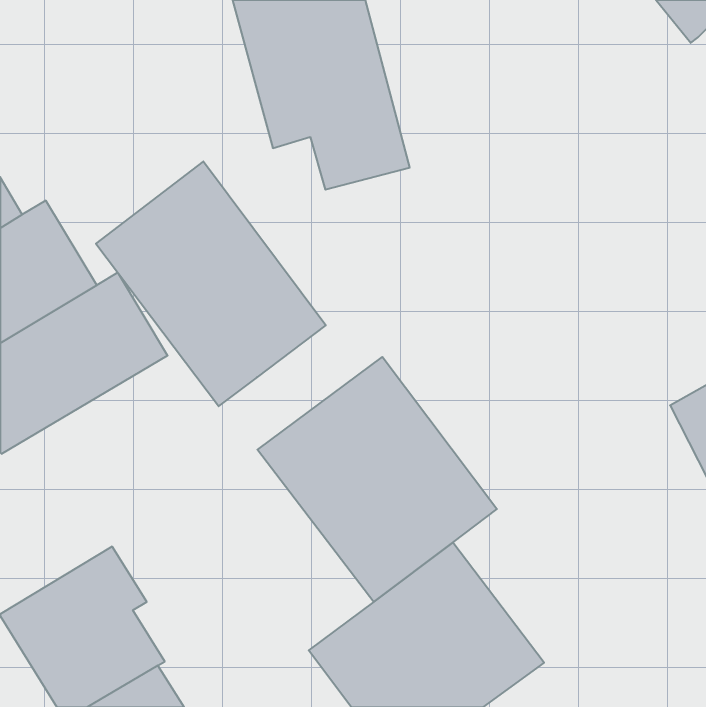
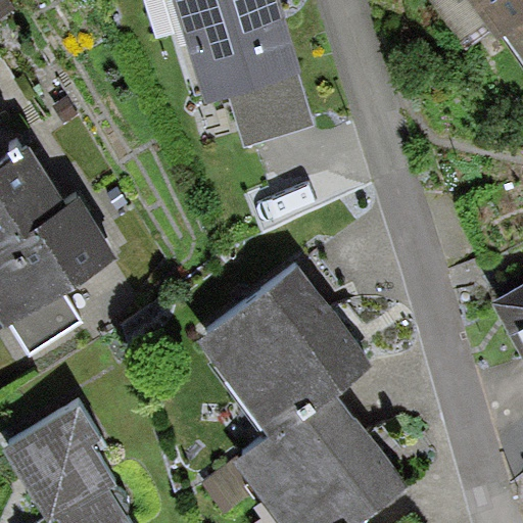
building: [96,161,326,406] -> none

